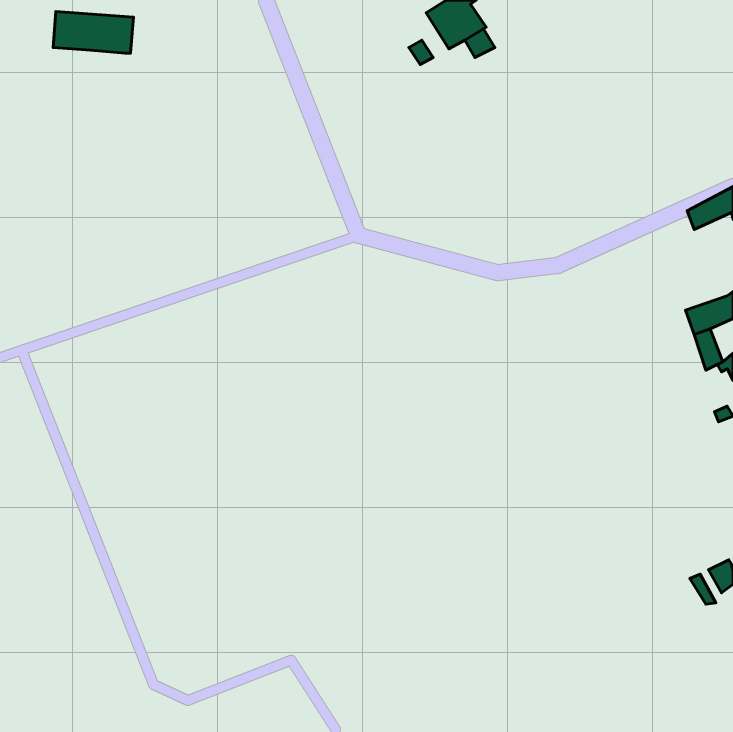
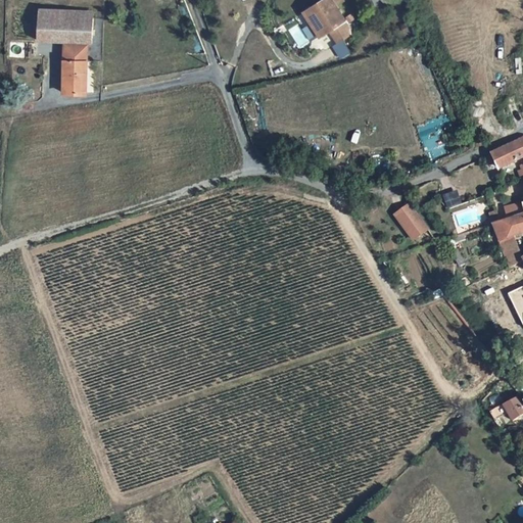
building: none -> [64,37,89,90]
building: none -> [392,204,425,239]

